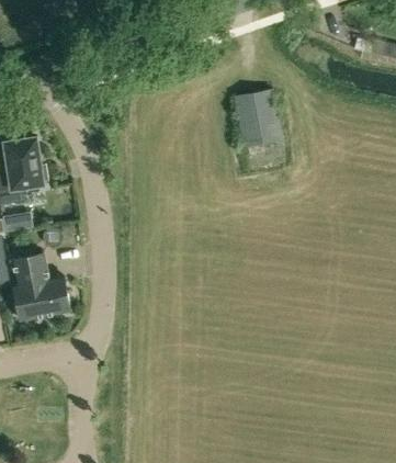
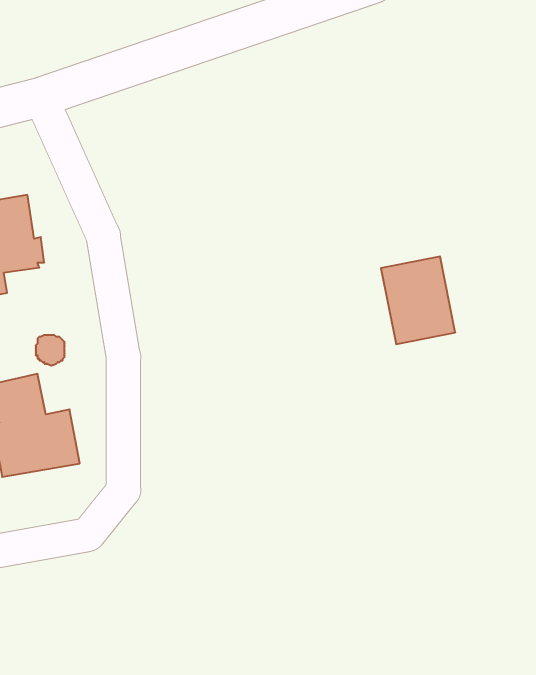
building: [234,90,282,147] -> [381,256,455,344]

